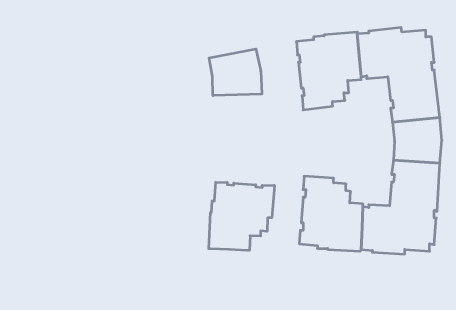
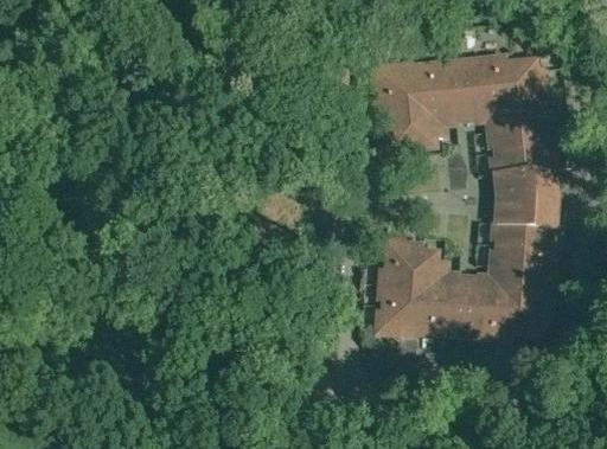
building: [209,49,262,96] -> none
building: [209,182,274,250] -> none

